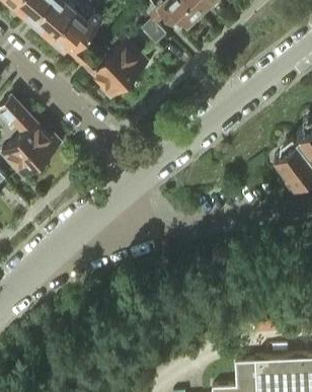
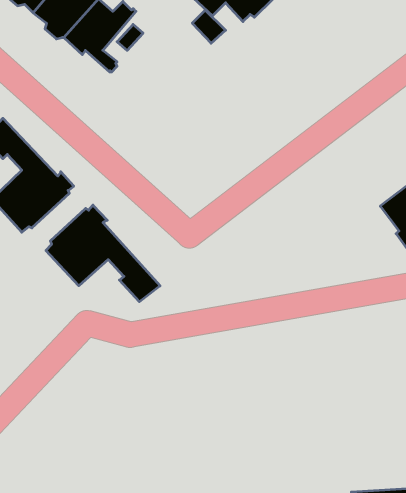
building: [87,35,149,99] -> none
building: none -> [46,205,160,302]

